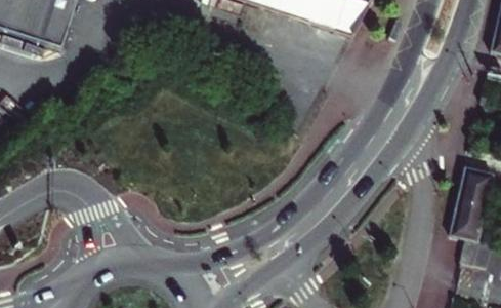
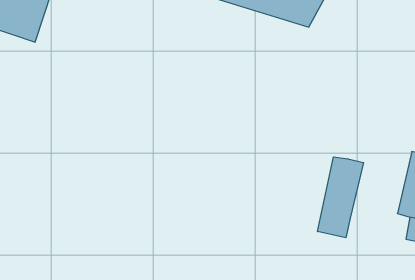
building: none -> [318,157,363,238]

